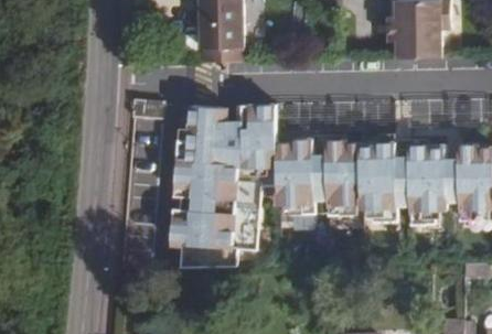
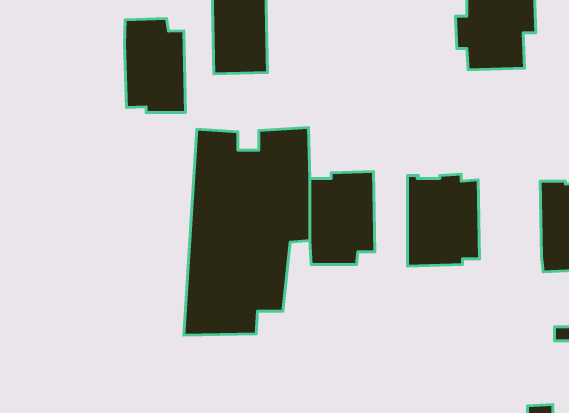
building: none -> [125,18,185,113]
building: [324,138,351,212] -> none
building: [406,144,456,216] -> none

